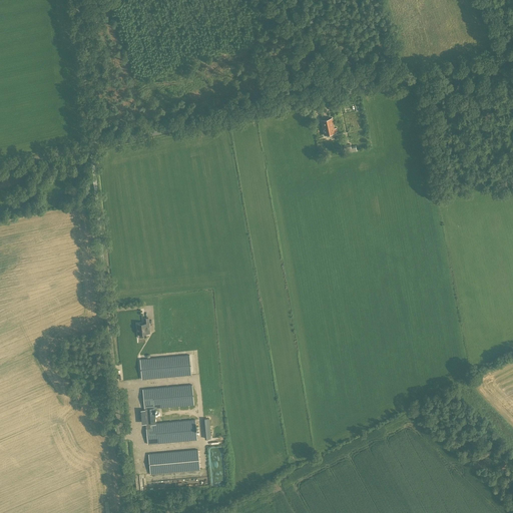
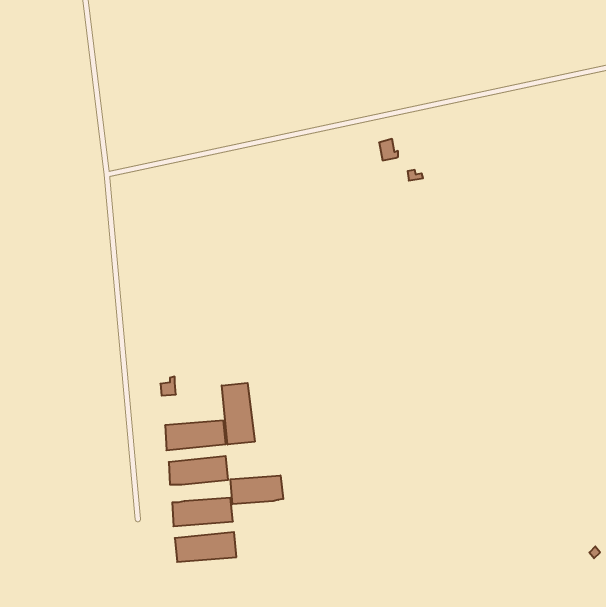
building: none -> [222,383,255,445]
building: none -> [230,475,283,504]

